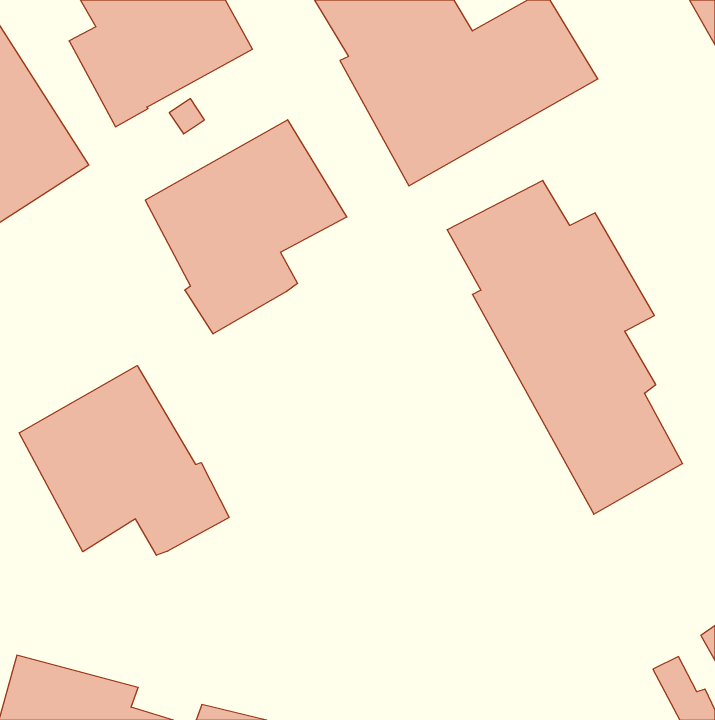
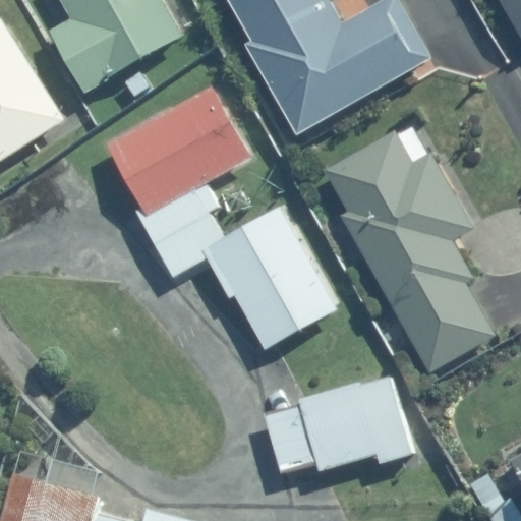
building: none -> [154,202,339,350]
building: [19,366,229,555] -> none
building: none -> [263,378,413,473]

